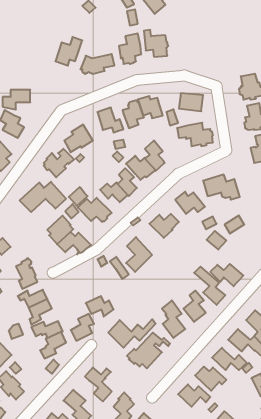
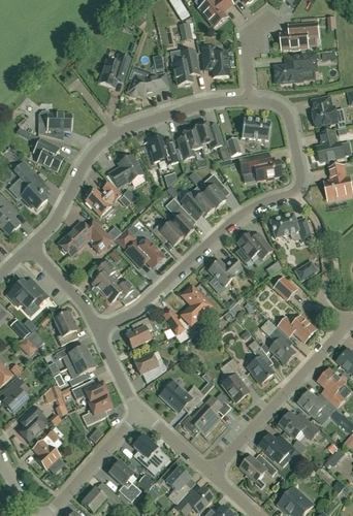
building: none -> [281,22,318,50]
building: none -> [275,55,316,83]
building: [71,314,94,341] -> [126,317,153,348]

